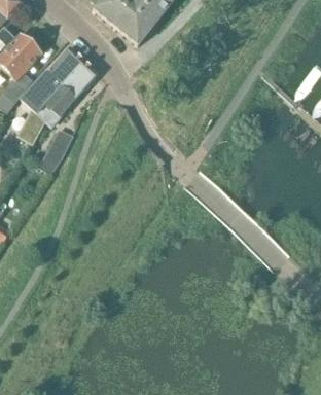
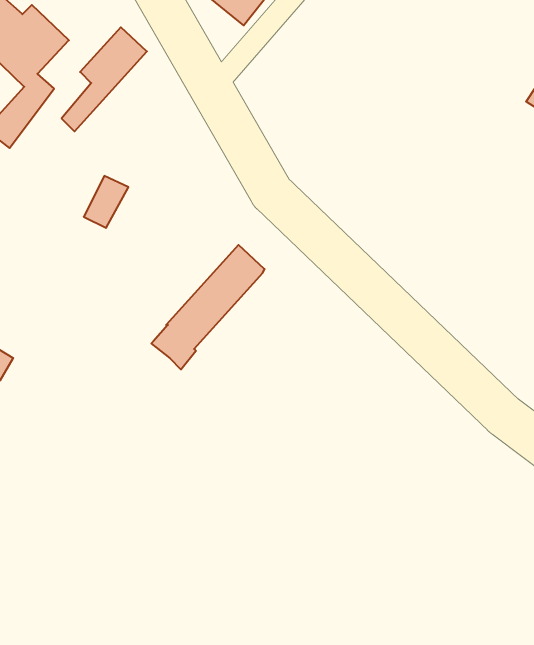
building: [34,59,97,128] -> [151,245,265,369]

